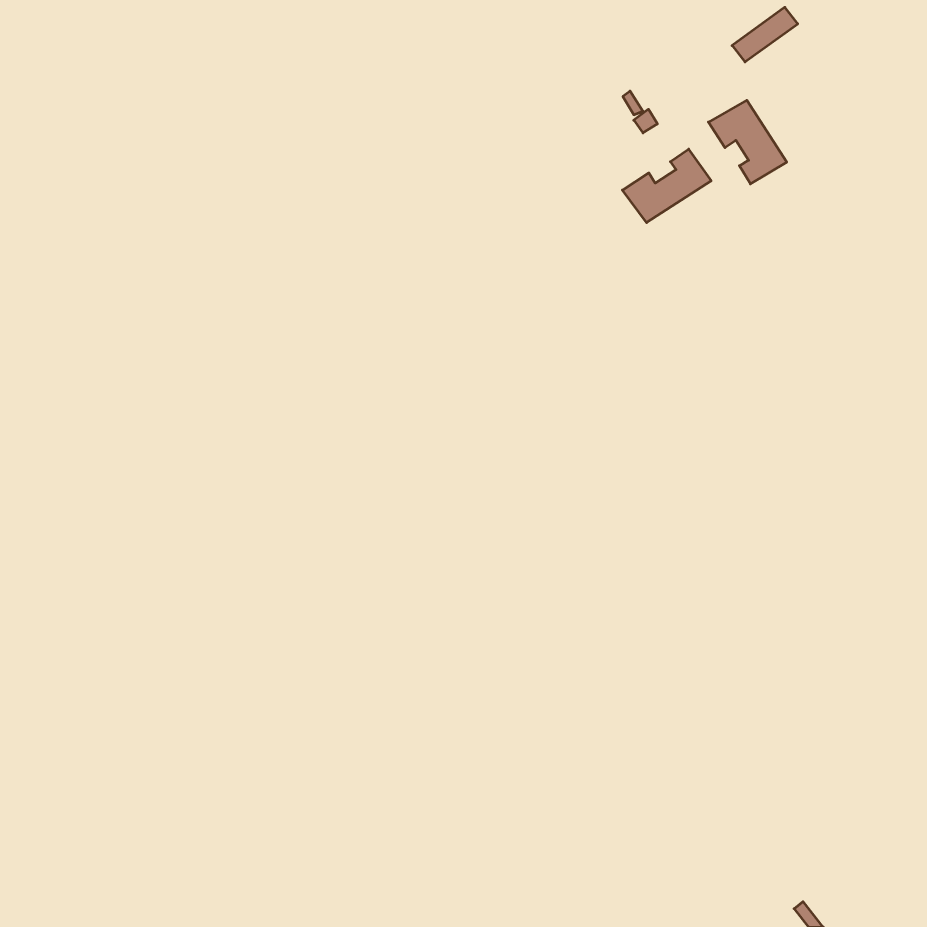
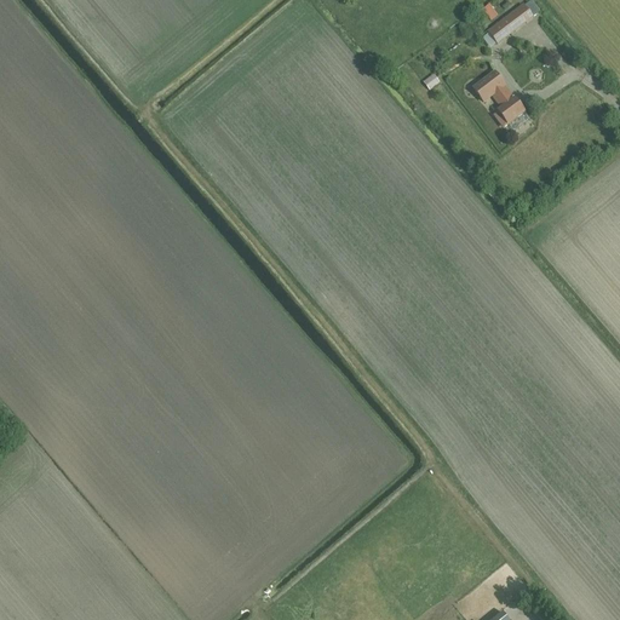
building: [622,149,711,223] -> none

